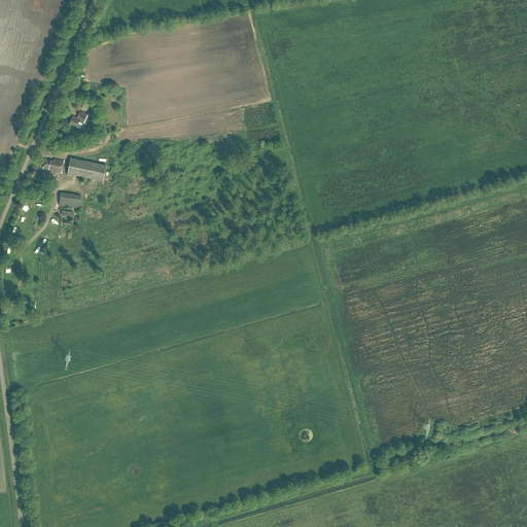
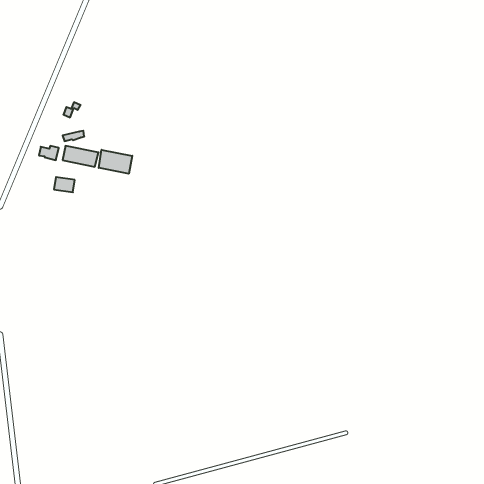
building: none -> [99,150,132,174]

